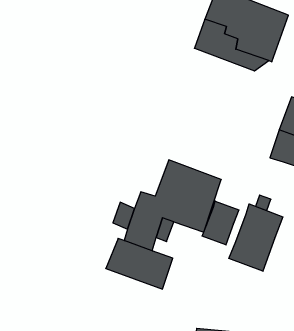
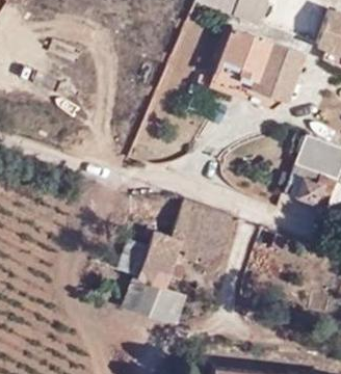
building: [202,201,239,245] -> none
building: [229,204,283,271] -> none

